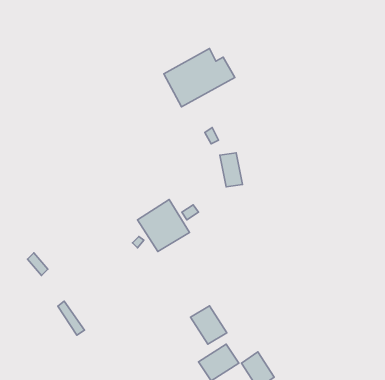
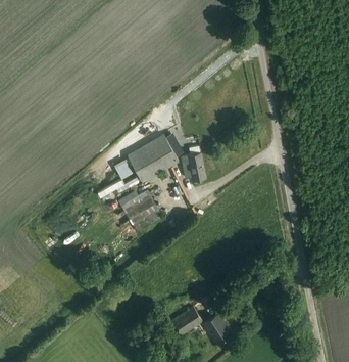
building: [164,48,235,107] -> [127,134,184,181]
building: [191,306,227,344] -> none

